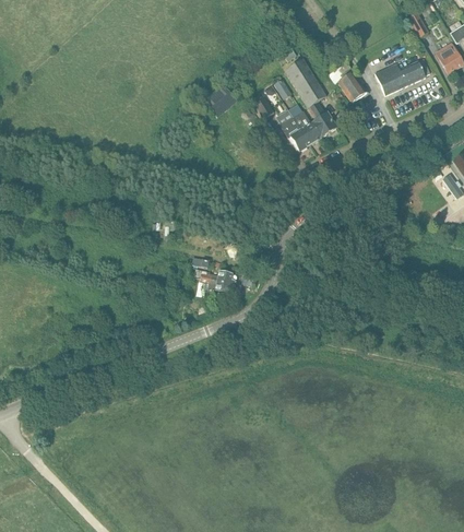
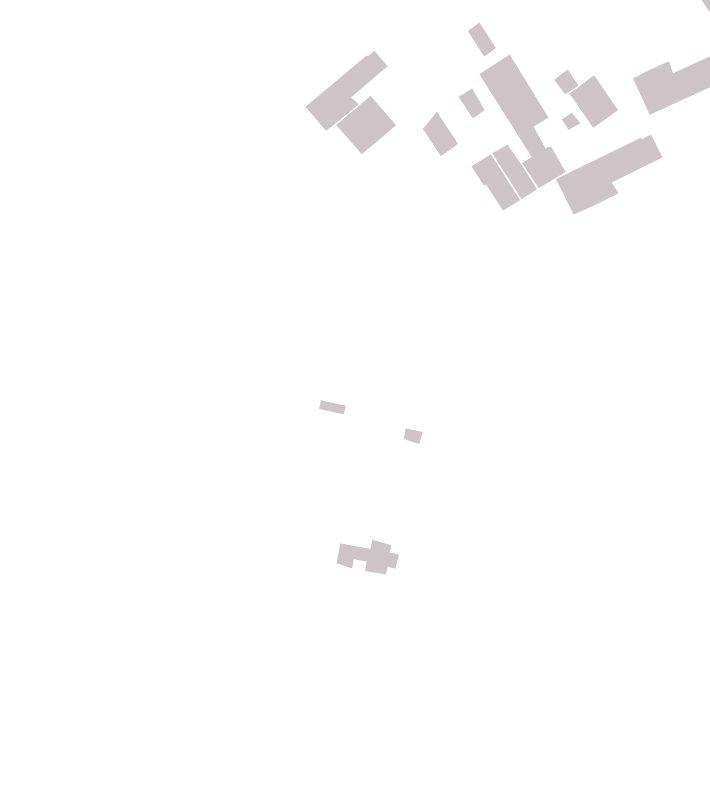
building: none -> [305,50,389,132]
building: none -> [555,134,663,216]
building: [199,270,236,291] -> [336,539,400,575]

